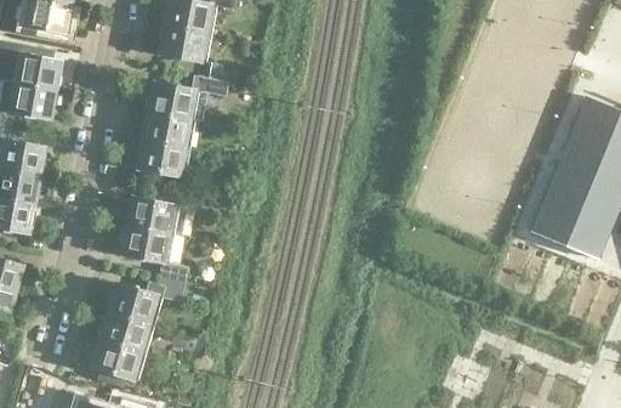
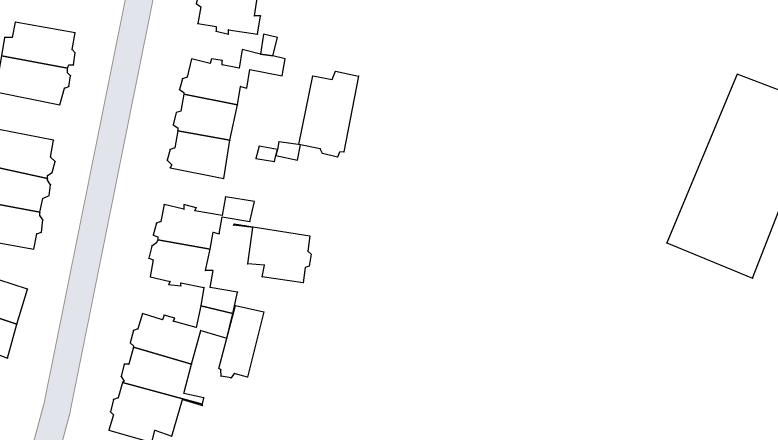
building: none -> [299,71,359,157]
building: none -> [234,224,311,283]
building: none -> [219,306,264,378]

